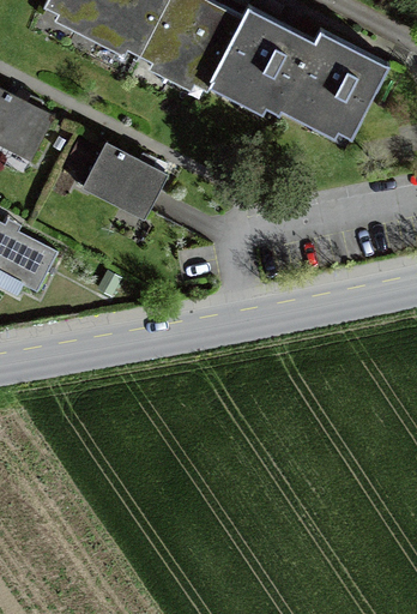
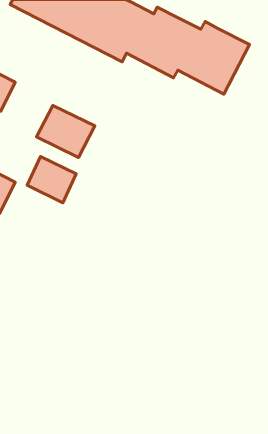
building: none -> [27,156,76,203]

